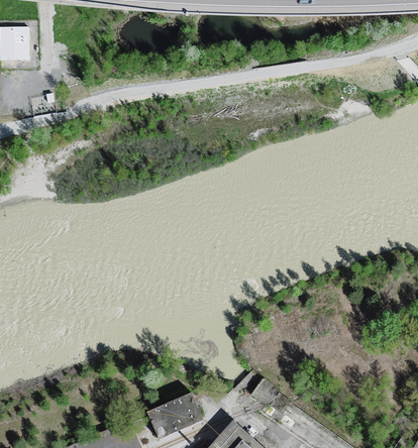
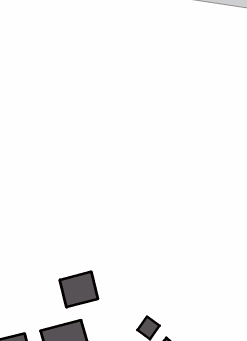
building: none -> [60,272,98,307]

